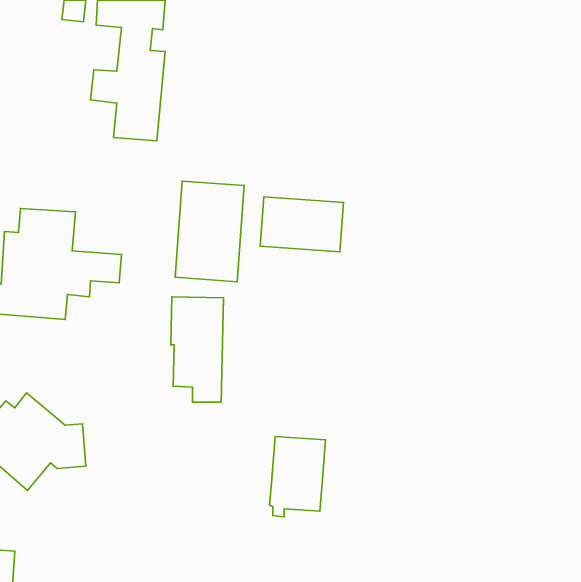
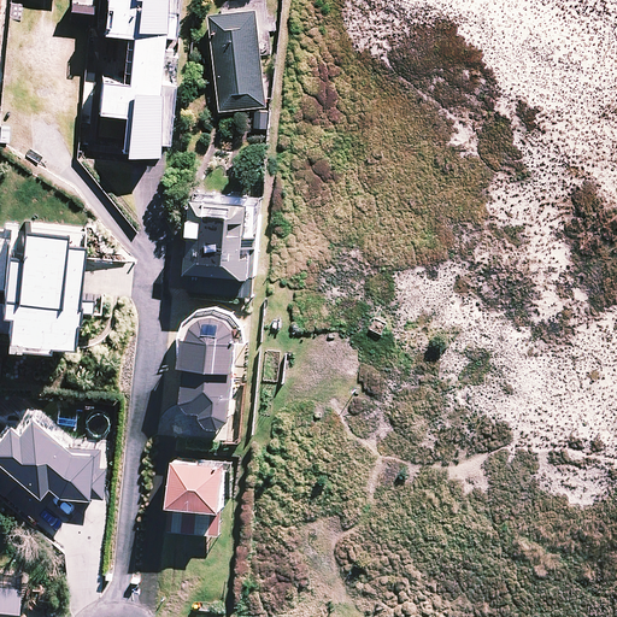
building: none -> [207,13,264,113]
building: [260,197,343,252] -> none
building: [269,437,326,517] -> [166,460,225,545]

